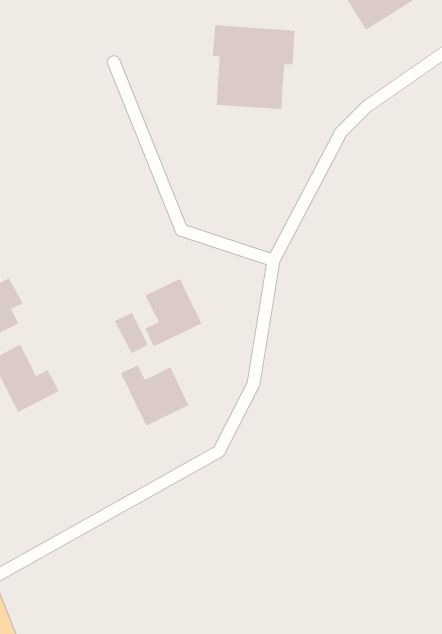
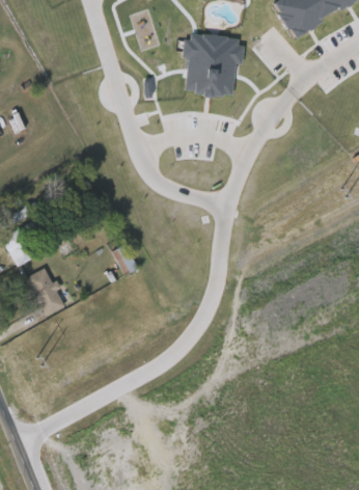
building: [145,278,202,347] -> none
building: [120,365,189,426] -> none

